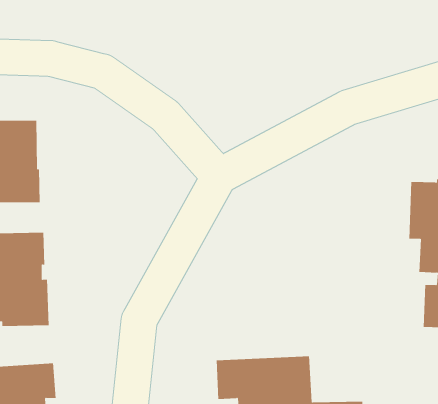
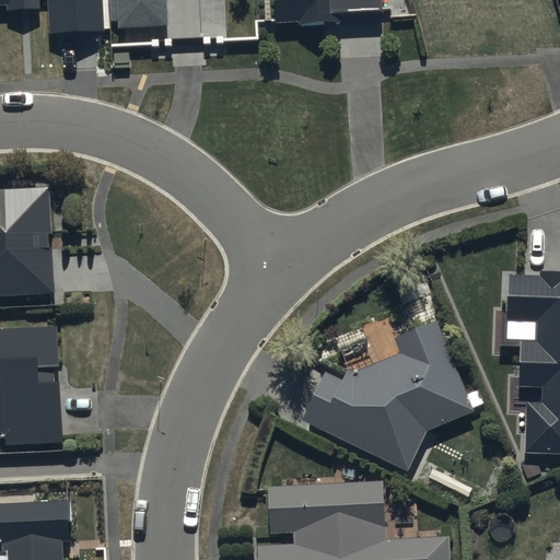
building: none -> [303,322,475,471]

